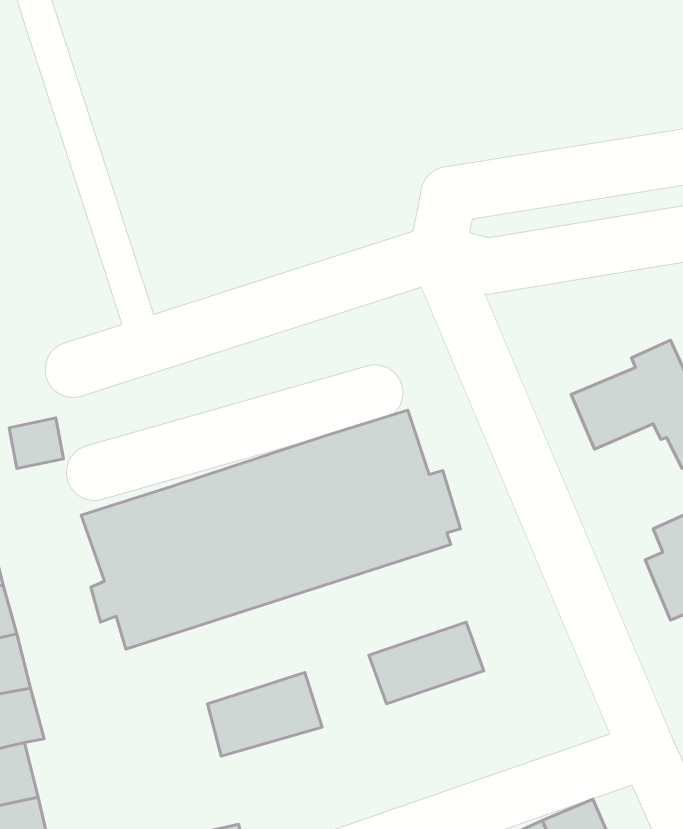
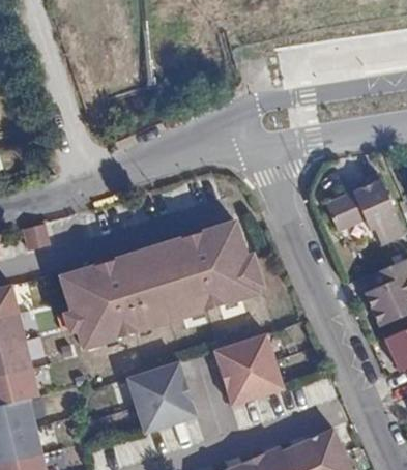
building: none -> [224,358,284,404]
building: none -> [136,388,198,432]

